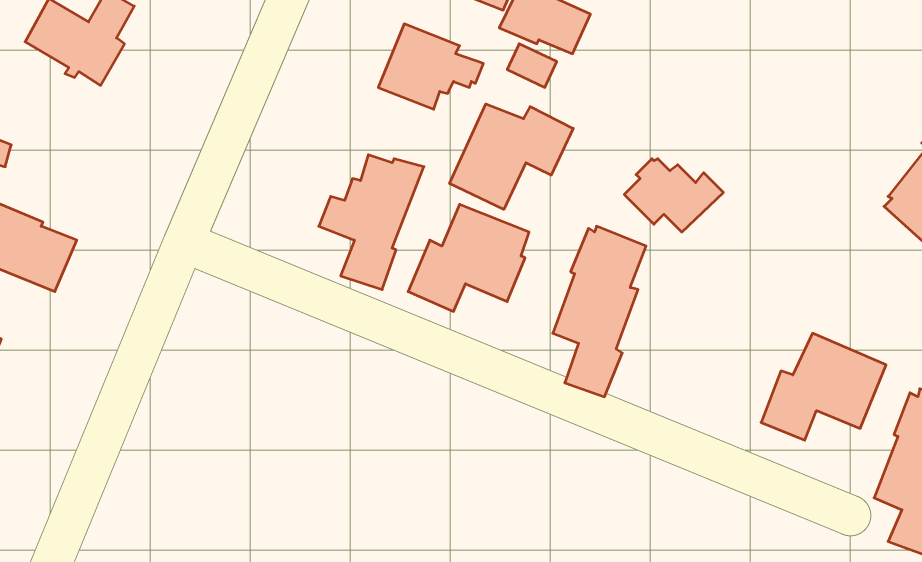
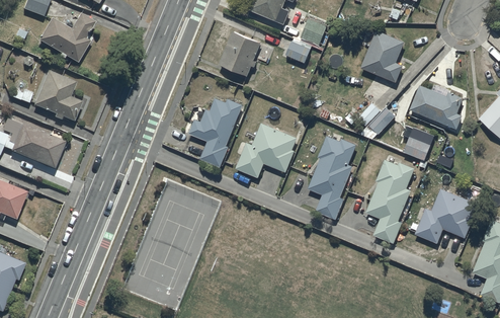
building: none -> [360,29,405,81]
building: none -> [34,69,82,121]
building: [450,104,573,209] -> none
building: none -> [410,84,464,129]
building: none -> [404,126,435,158]
building: none -> [366,160,415,243]

